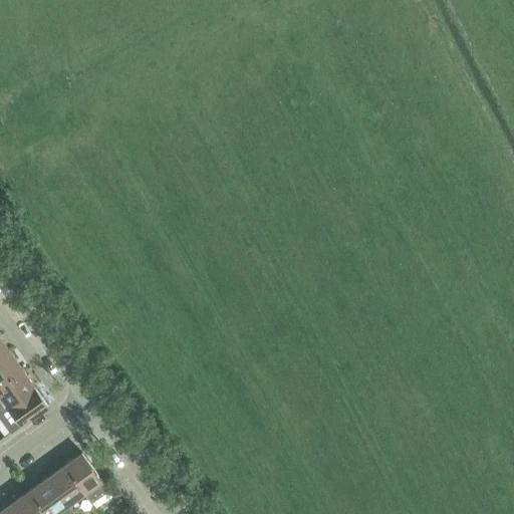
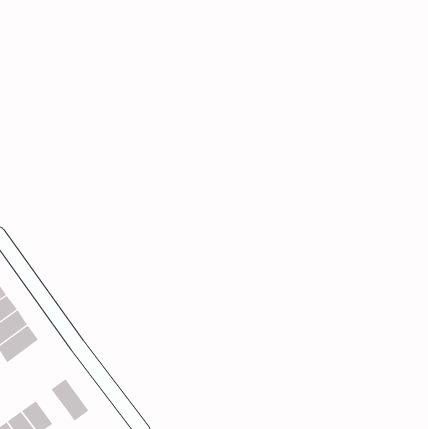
building: [43,466,81,507] -> none

